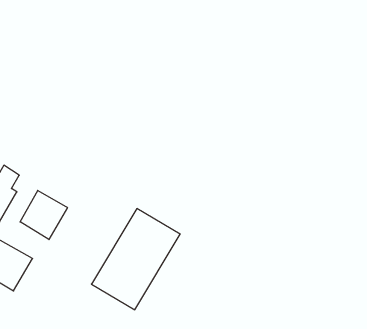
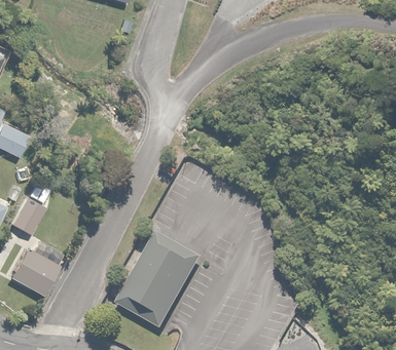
building: [20,190,67,240] -> none

